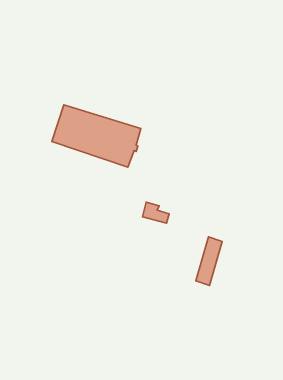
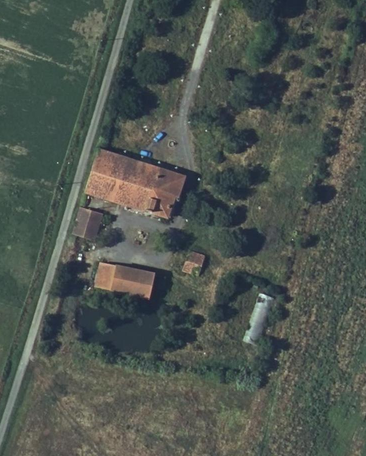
building: none -> [72,206,102,241]
building: none -> [96,263,154,299]

